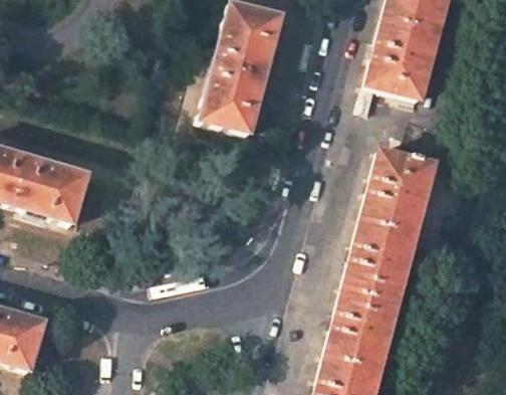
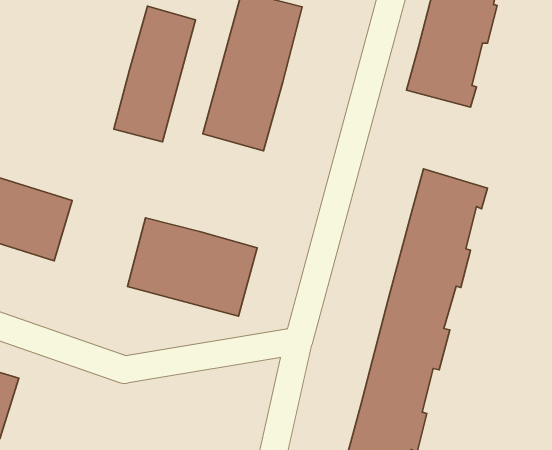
building: none -> [114,6,196,142]
building: none -> [127,218,257,316]

